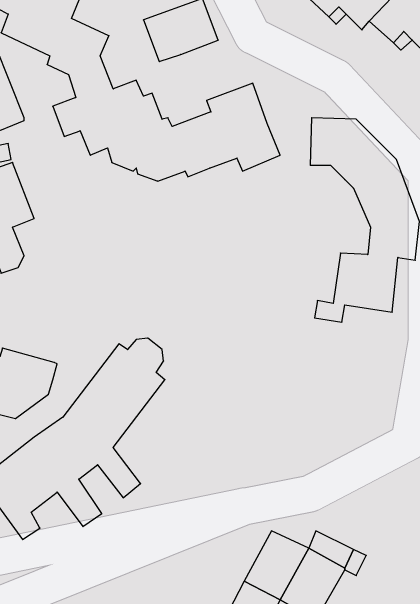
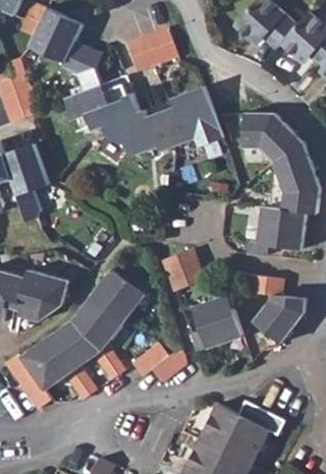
building: none -> [161,248,203,289]
building: none -> [252,274,309,340]
building: none -> [191,298,242,352]
building: none -> [132,346,186,381]

